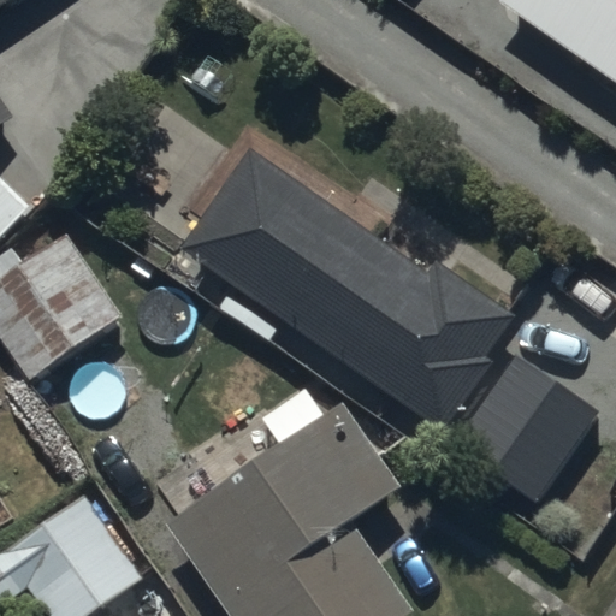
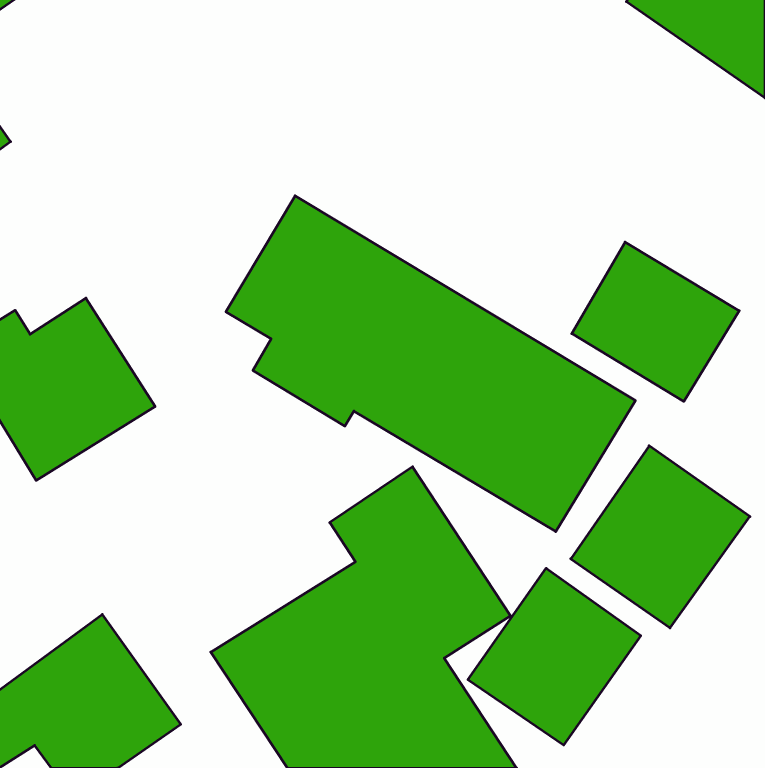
building: none -> [572,242,739,401]
building: none -> [468,568,641,745]

